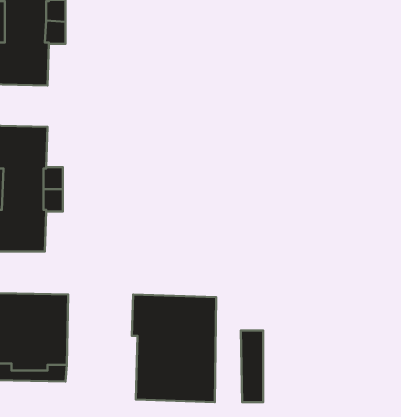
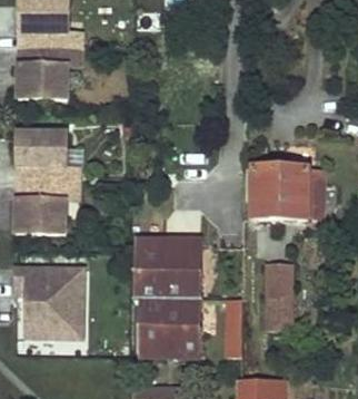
building: none -> [253,167,309,217]
building: none -> [136,239,205,269]
building: none -> [268,265,291,324]

